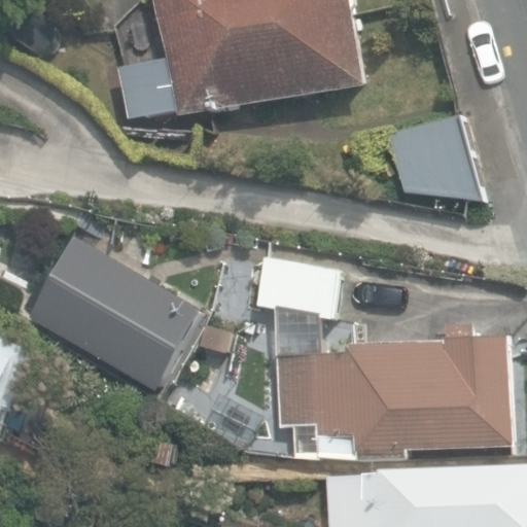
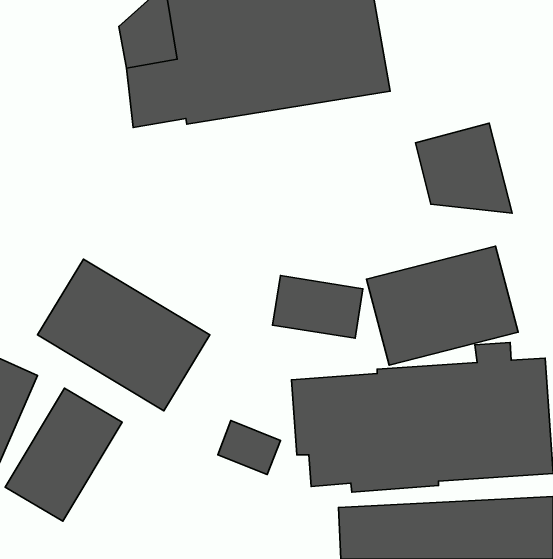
building: none -> [367,246,518,365]
building: none -> [5,388,122,521]

